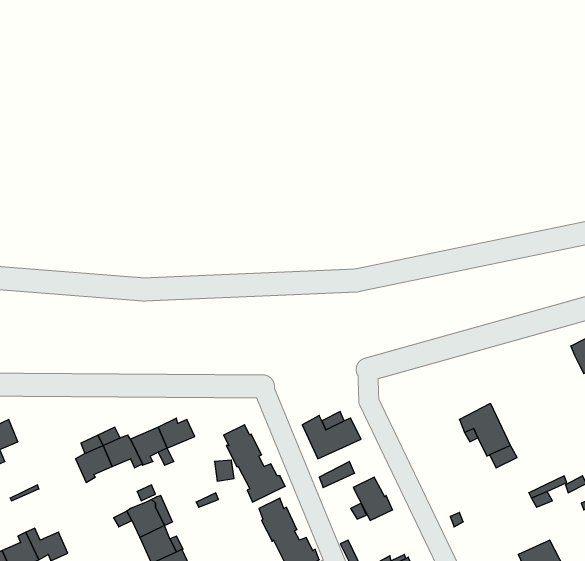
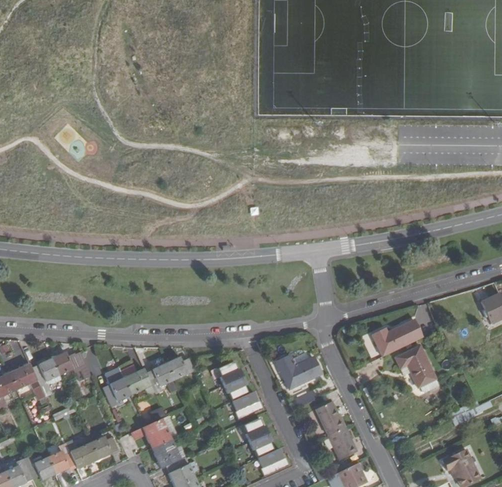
building: none -> [372,321,422,356]
building: none -> [52,351,91,380]
building: none -> [328,426,357,459]
building: none -> [90,436,118,459]

